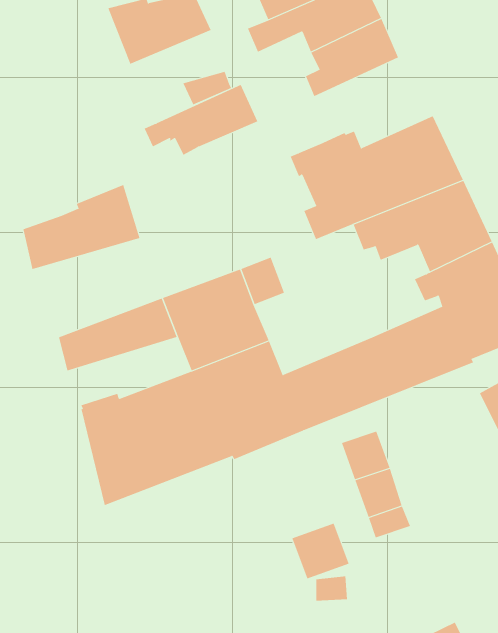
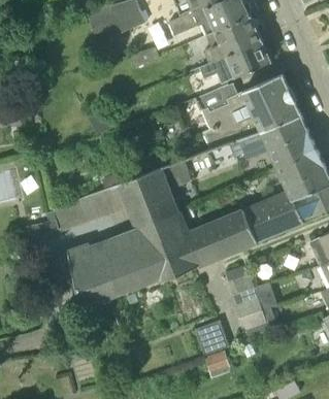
building: [144,84,258,156] -> [202,39,271,82]
building: [23,184,140,270] -> none

